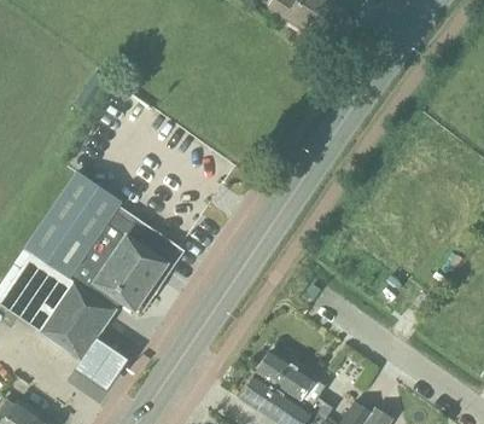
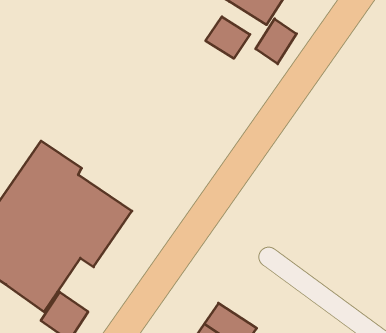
building: none -> [206,17,250,58]
building: none -> [256,19,297,64]

